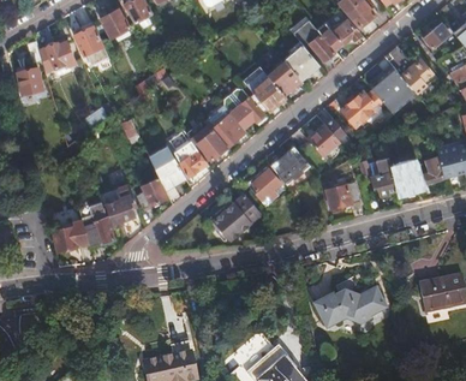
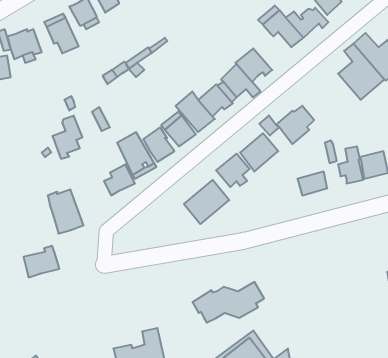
building: [285,46,318,78] -> none
building: [341,90,378,127] -> none
building: [106,183,136,226] -> [52,116,82,159]
building: [52,219,88,250] -> [24,246,59,277]
building: [315,282,387,323] -> [192,282,264,323]

